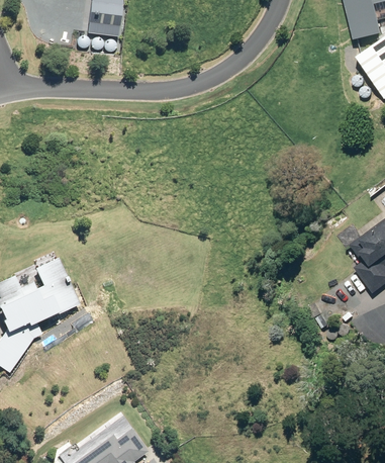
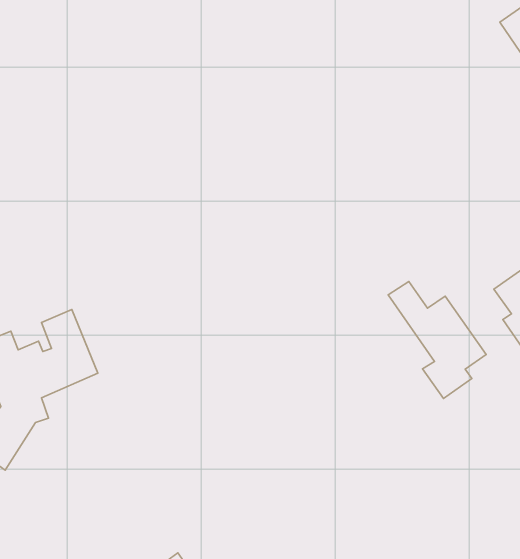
building: none -> [388,281,486,398]

